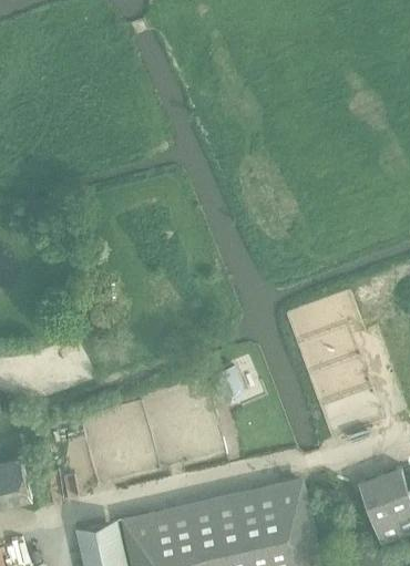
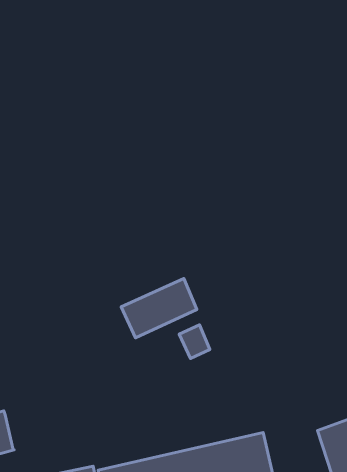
building: none -> [121,279,197,338]

